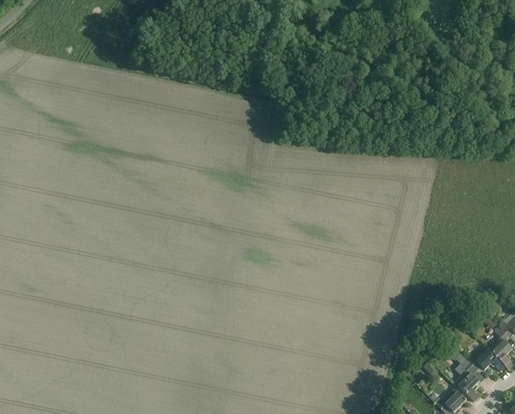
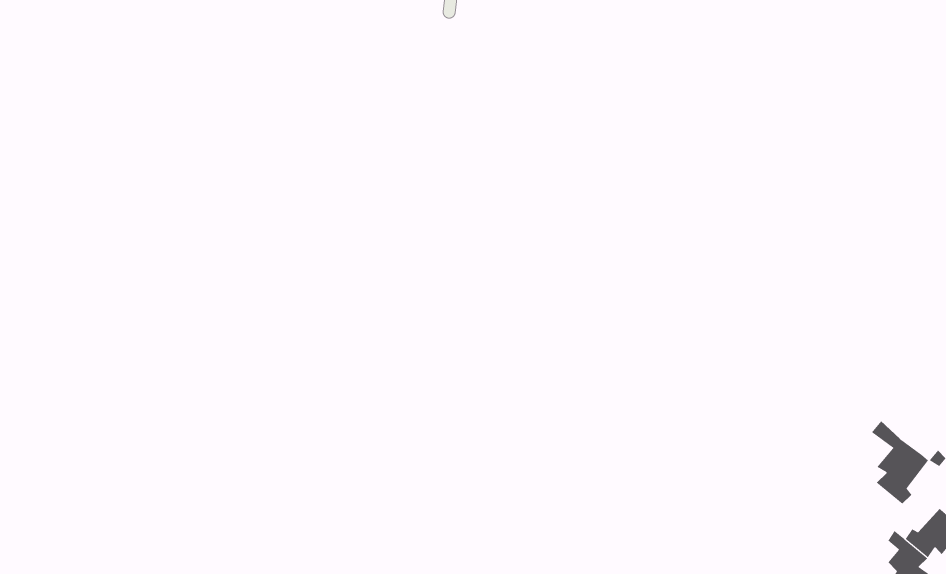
building: none -> [871,420,929,505]

